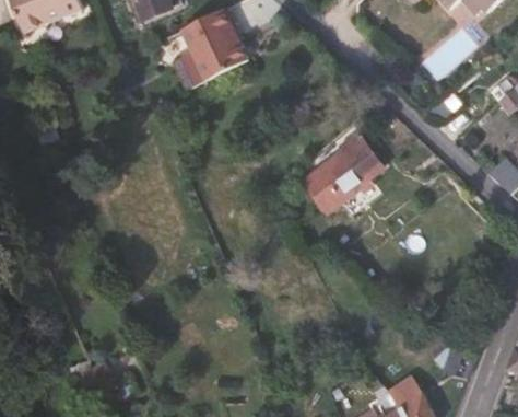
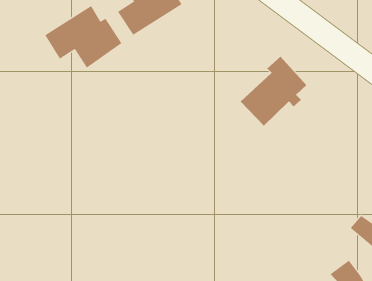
building: none -> [45,5,122,68]

